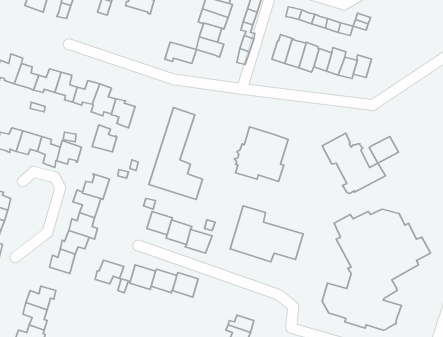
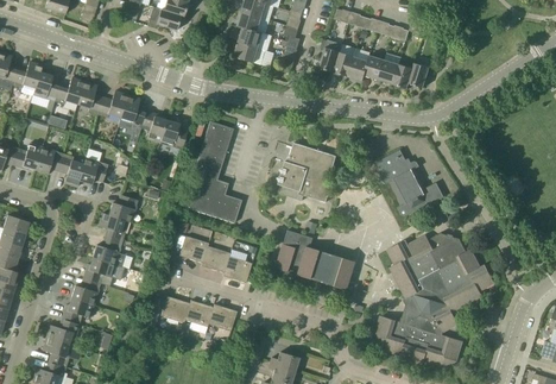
building: [165,42,196,64] -> [146,6,181,30]
building: [92,125,117,152] -> [159,119,187,149]
building: [369,137,398,163] -> none
building: [95,260,124,284] -> [62,297,94,323]

